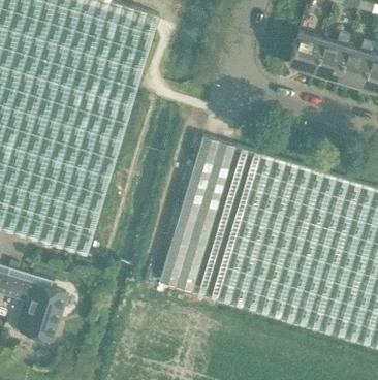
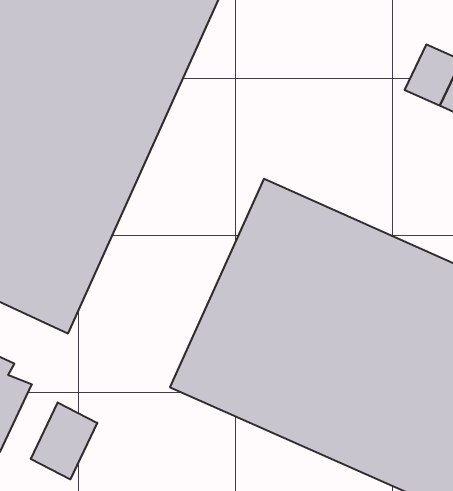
building: none -> [31,402,97,479]

